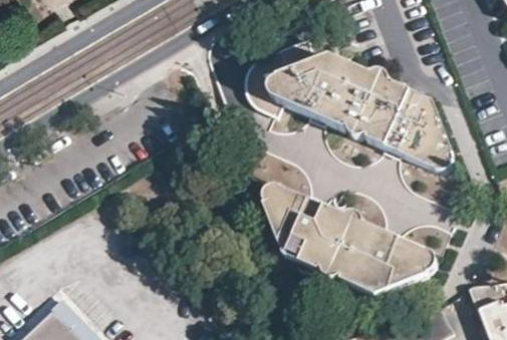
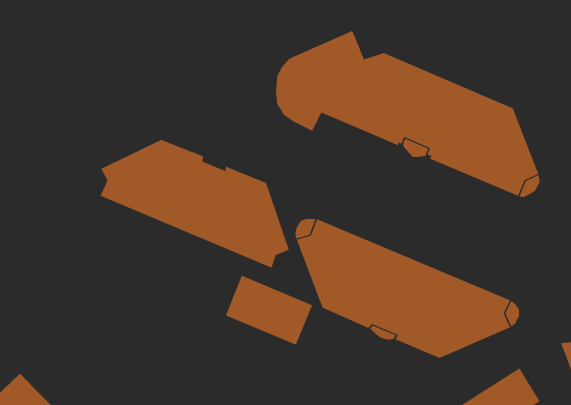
building: none -> [100,139,290,268]
building: none -> [225,275,313,346]

